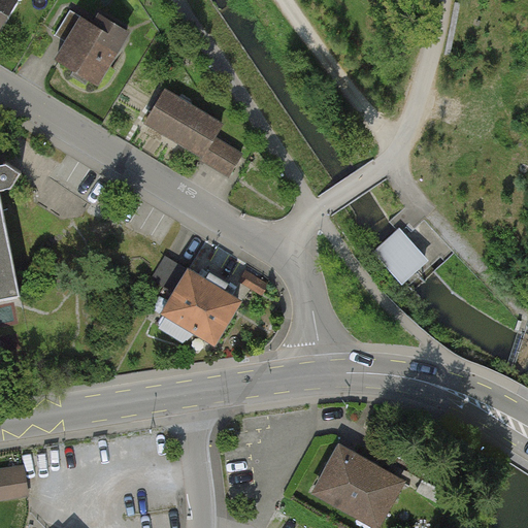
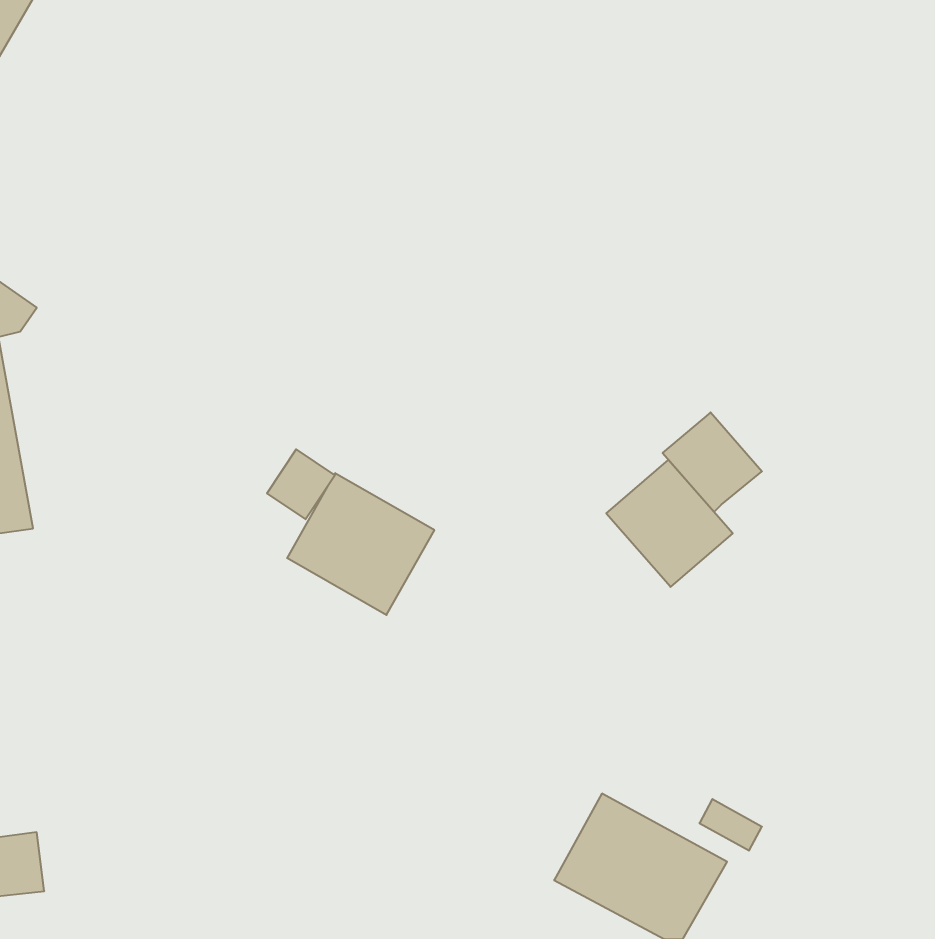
building: [53,7,129,87] -> none
building: [142,89,241,175] -> none
building: none -> [606,460,733,587]

